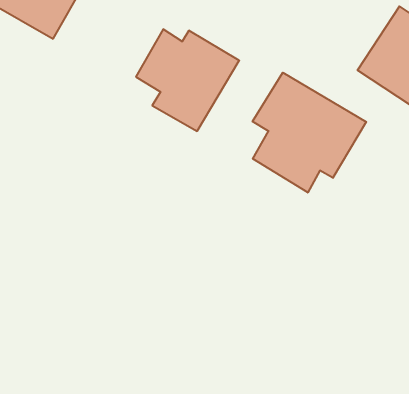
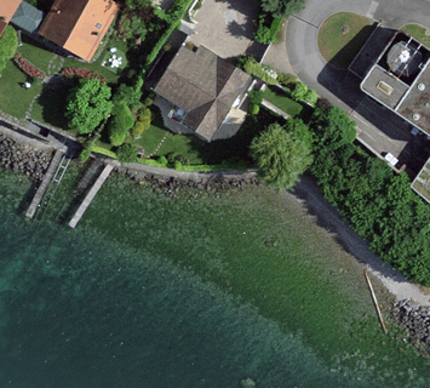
building: [253,73,366,193] -> none

